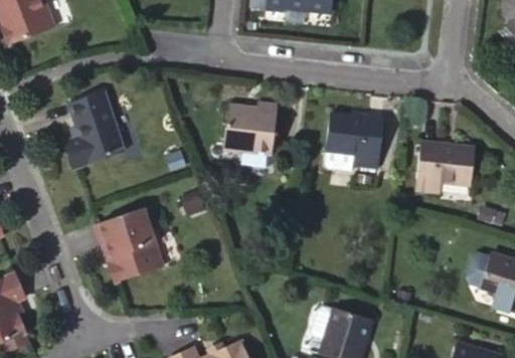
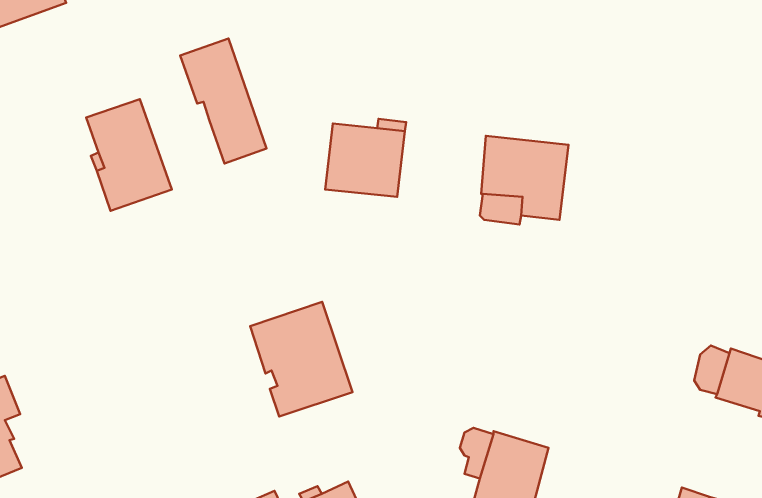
building: none -> [180,39,266,164]
building: [416,144,477,193] -> none
building: [95,206,162,282] -> [250,302,353,416]

